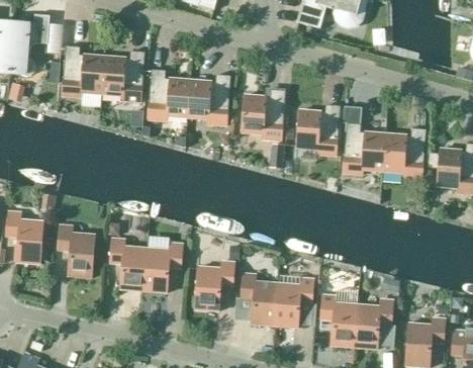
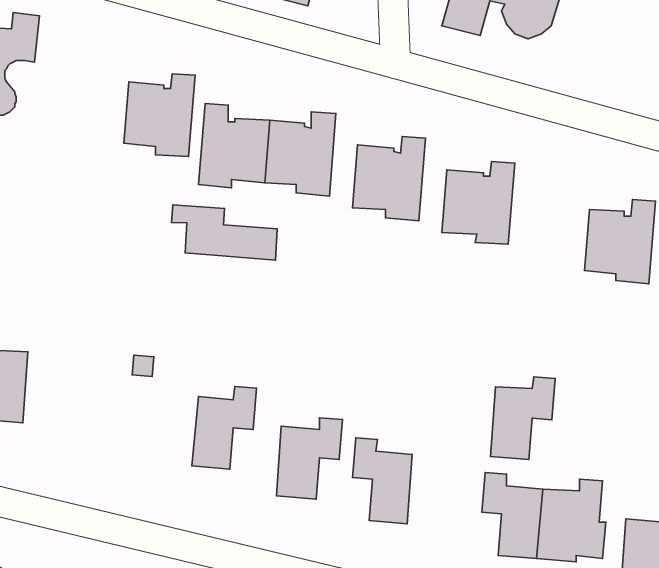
building: [62,45,105,97] -> none
building: [343,122,386,174] -> none
building: none -> [172,205,277,260]
building: [58,224,95,277] -> none
building: [110,238,148,290] -> none
building: [275,277,314,328] -> [491,377,555,460]

